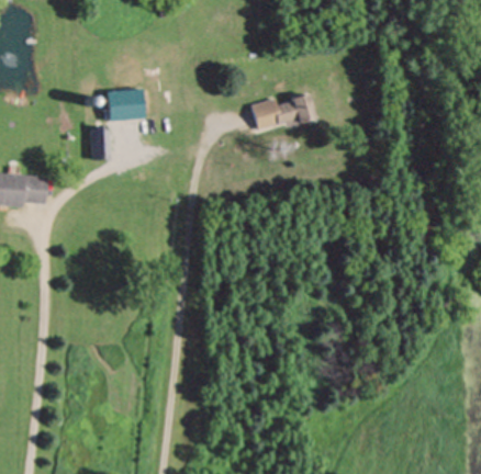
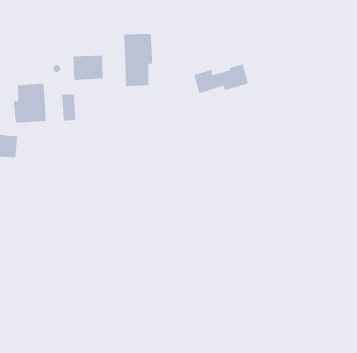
building: none -> [124,33,153,87]
building: none -> [13,83,46,123]

